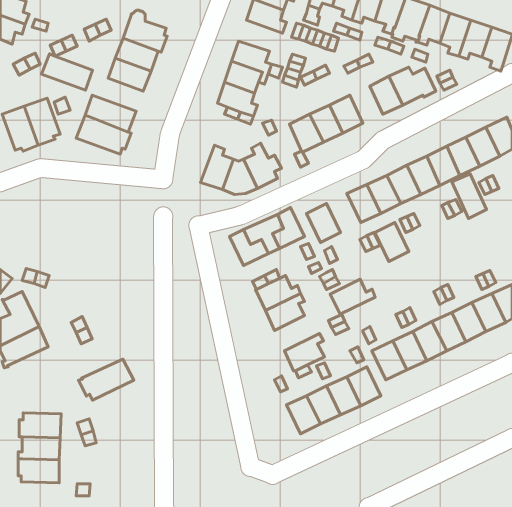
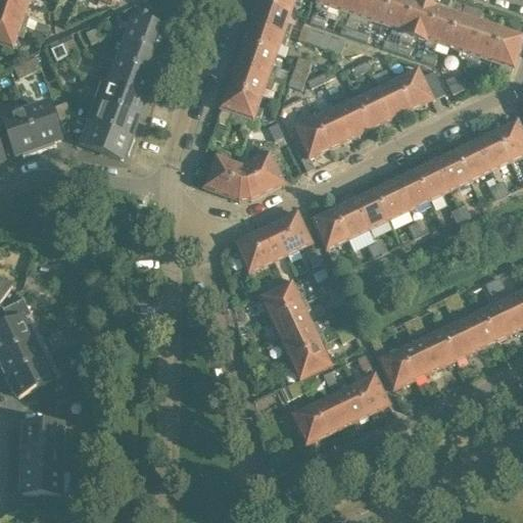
building: none -> [243,20,288,52]
building: [41,54,93,90] -> [94,77,146,113]
building: none -> [356,88,390,126]
building: [452,174,487,218] -> none
building: [375,223,409,262] -> [333,197,368,237]
building: [330,279,375,314] -> [280,322,326,358]
building: [79,359,134,400] -> [4,353,60,395]

